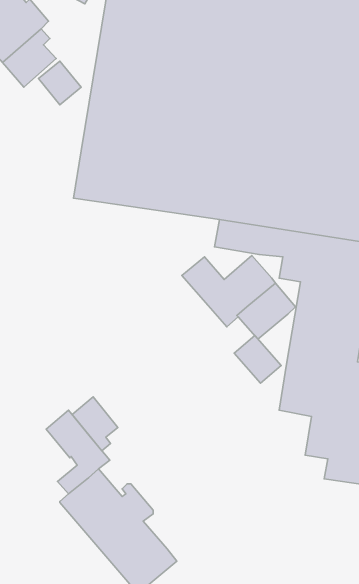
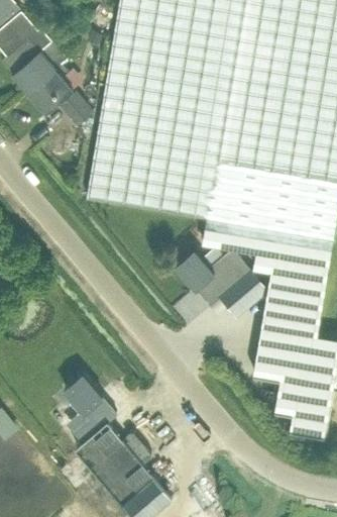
building: [234,336,281,383] -> none
building: [72,397,118,451] -> none

